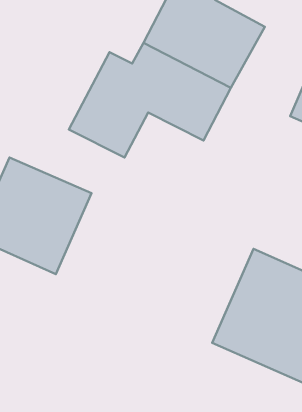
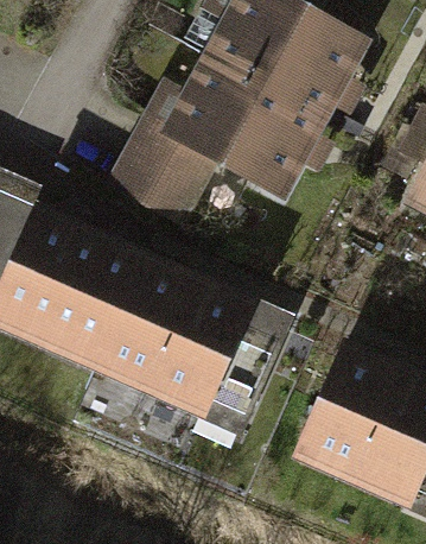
building: none -> [97,261,253,412]

